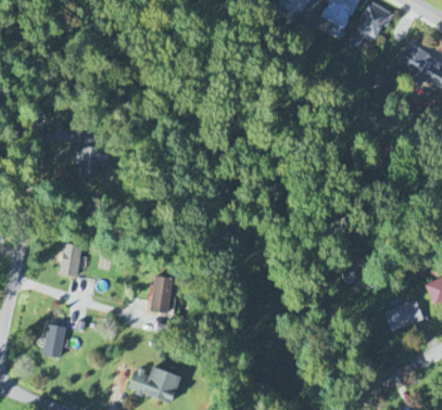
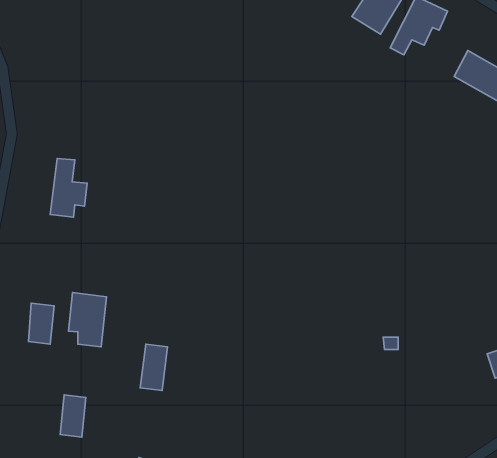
building: none -> [69,292,106,347]
building: [384,299,422,331] -> none
building: [43,324,64,358] -> [60,395,86,437]

